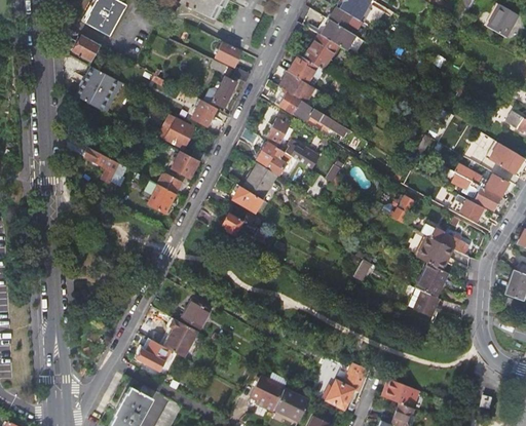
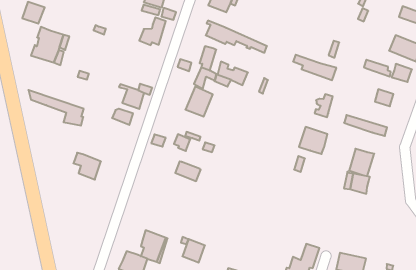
building: [280,72,311,101] -> none
building: [190,99,217,126] -> none
building: [158,113,195,148] -> none
building: [452,173,500,209] -> [293,55,336,80]
building: [143,180,175,214] -> [73,153,101,180]
building: [232,186,262,211] -> [175,161,201,181]
building: [416,235,451,269] -> [299,127,327,154]
building: [182,299,210,327] -> [182,239,205,263]

